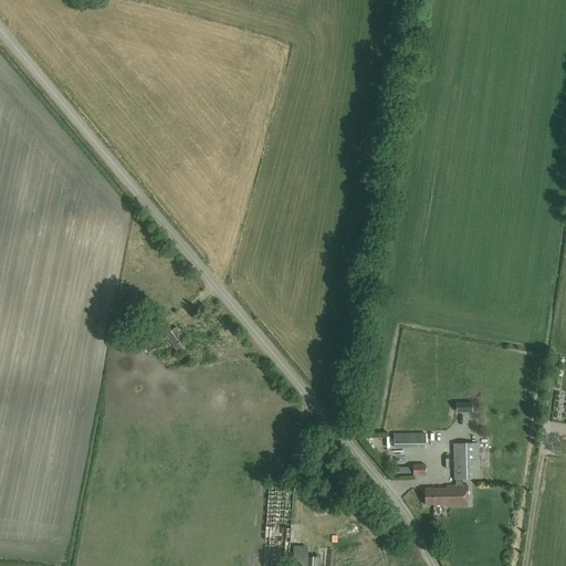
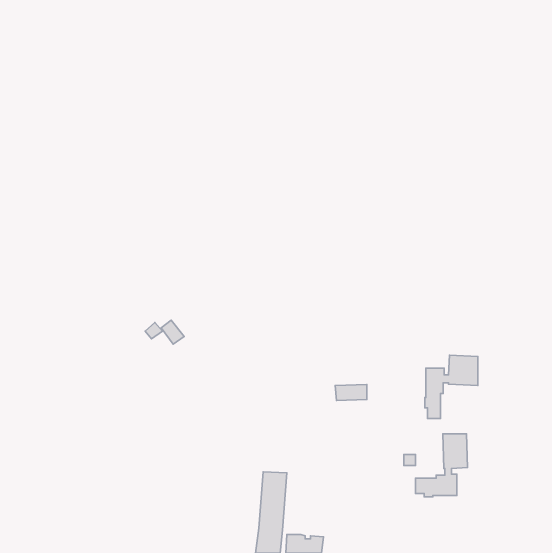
building: none -> [425,355,478,418]
building: [392,432,424,449] -> [335,384,367,401]

